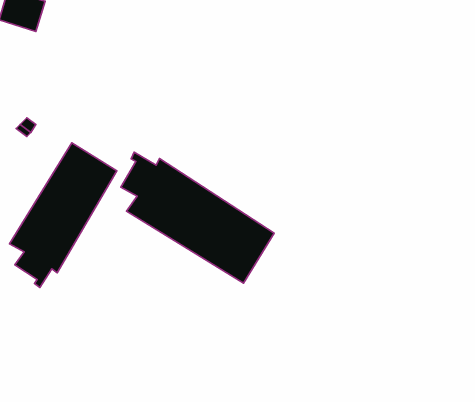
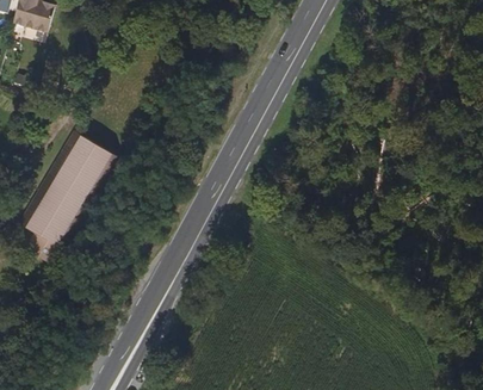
building: [121,152,274,283] -> none

